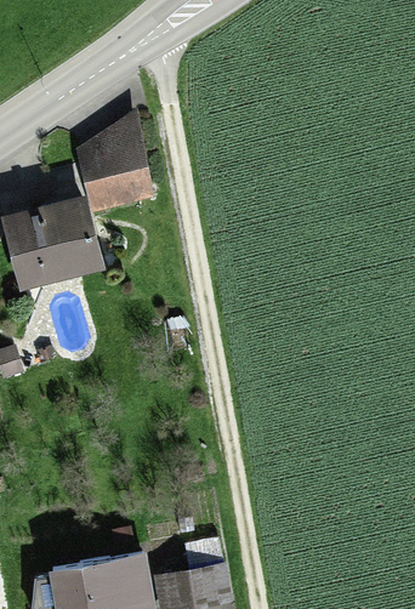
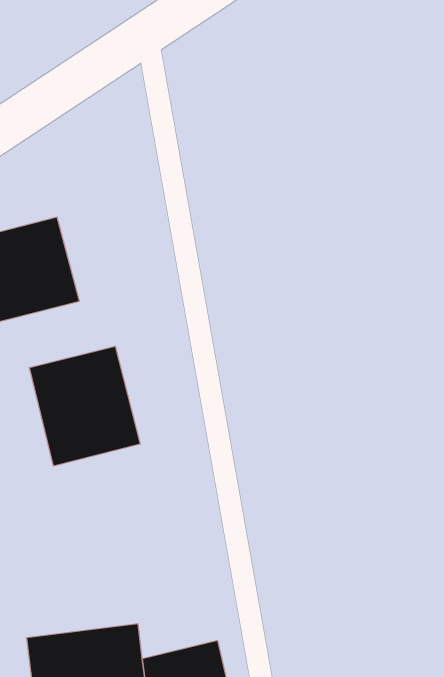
building: [79,131,150,209] -> none
building: none -> [29,346,140,466]

